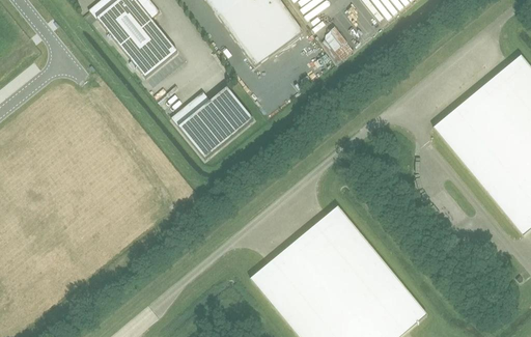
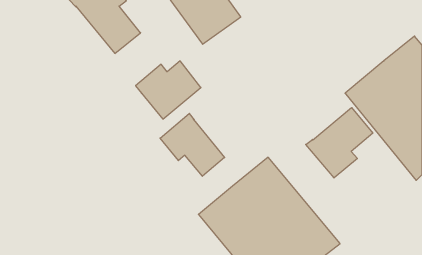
building: none -> [306,108,373,178]
building: none -> [160,113,225,176]

